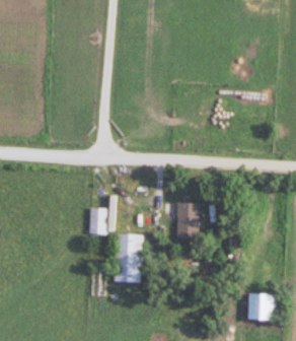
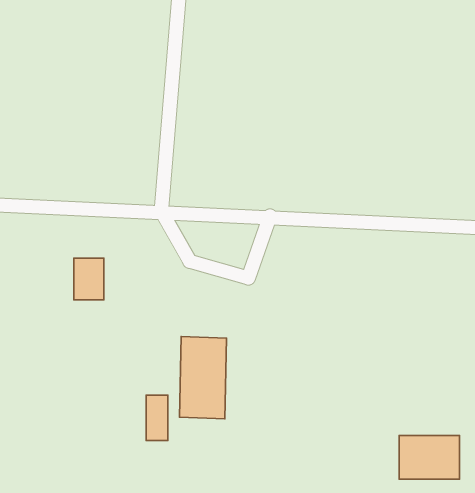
building: [177,203,200,238] -> none
building: [90,208,108,233] -> [74,258,104,300]

